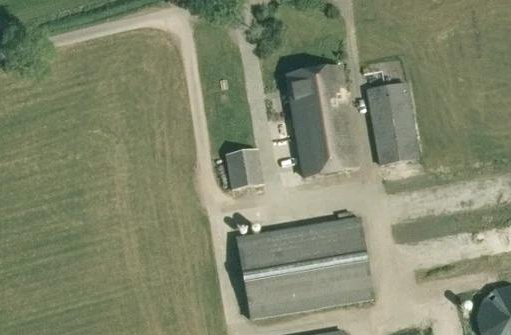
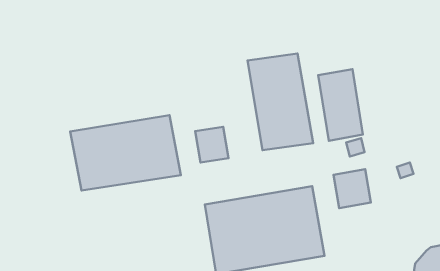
building: none -> [70,115,181,191]
building: none -> [333,169,371,208]

